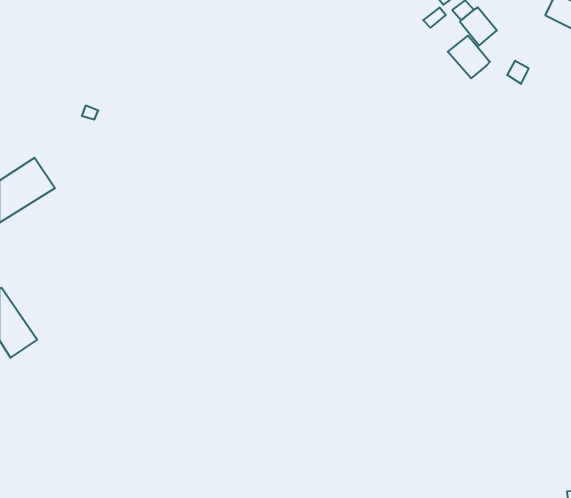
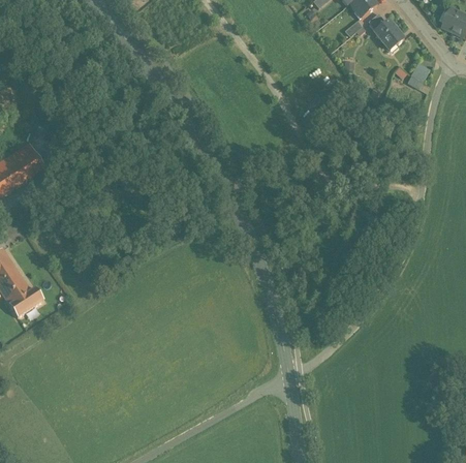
building: [448,36,490,78] -> none
building: none -> [9,286,43,316]

